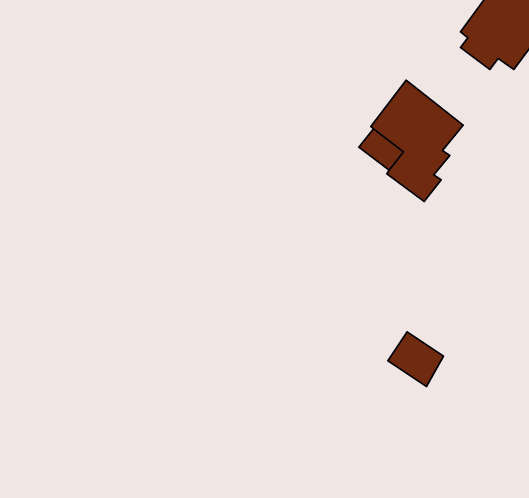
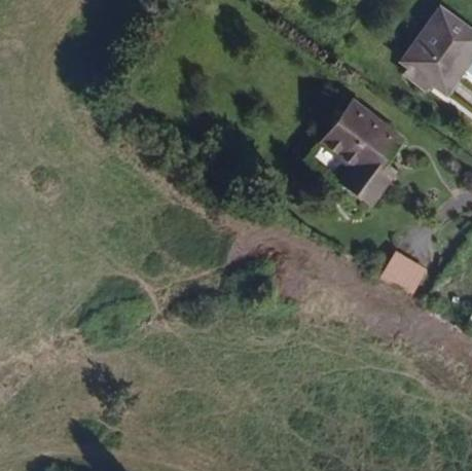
building: [388,332,443,386] -> [379,248,427,294]

